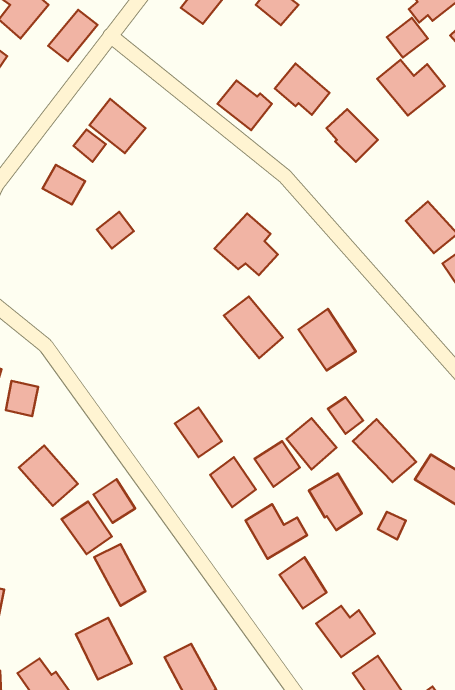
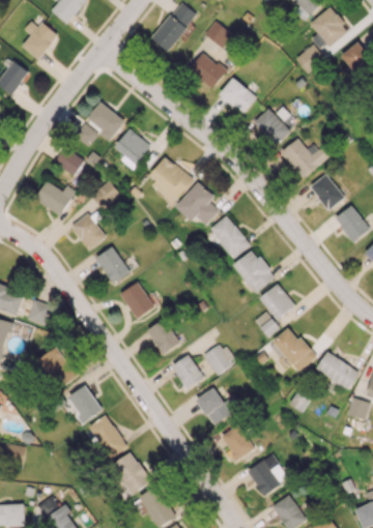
building: [48,10,98,61] -> none
building: [377,60,445,116] -> [281,139,328,178]
building: [217,80,272,130] -> [188,53,226,88]
building: none -> [115,128,157,170]
building: none -> [148,156,194,201]
building: none -> [35,181,76,215]
building: none -> [71,213,107,250]
building: [224,296,283,358] -> [209,215,251,259]
building: none -> [95,246,131,285]
building: none -> [120,282,155,319]
building: [287,418,337,470] -> [260,284,295,320]
building: [309,473,362,530] -> none
building: [94,479,135,523] -> none
building: [76,618,132,680] -> [112,451,151,495]

